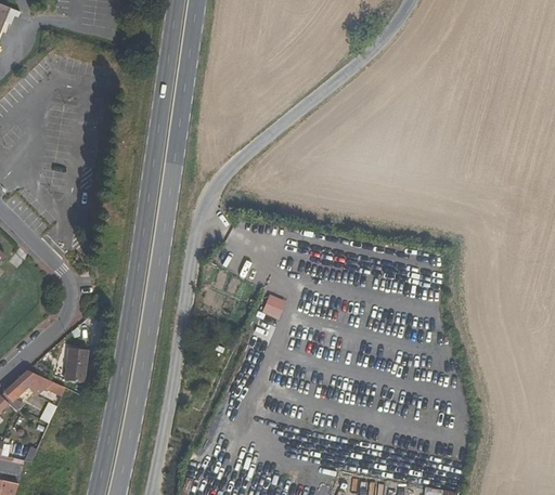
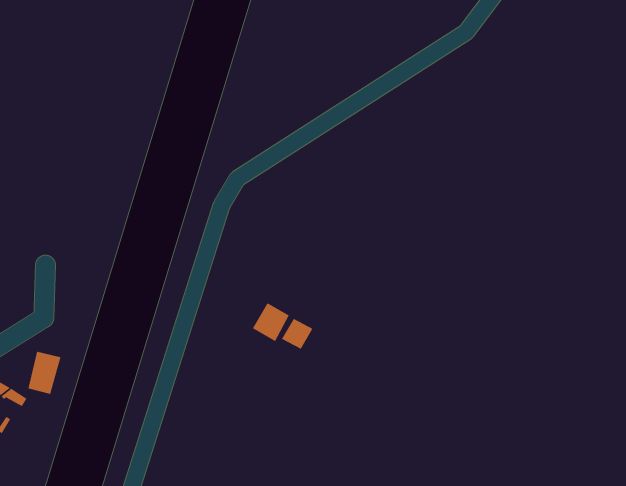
building: none -> [252,302,290,342]

